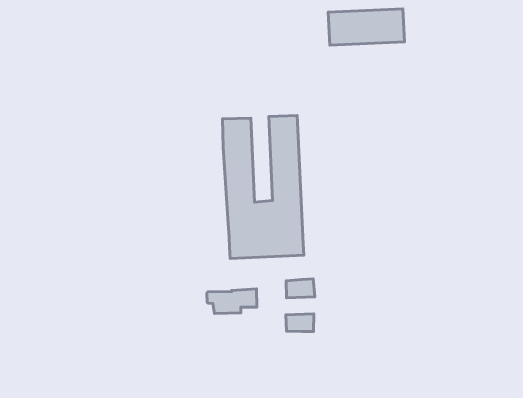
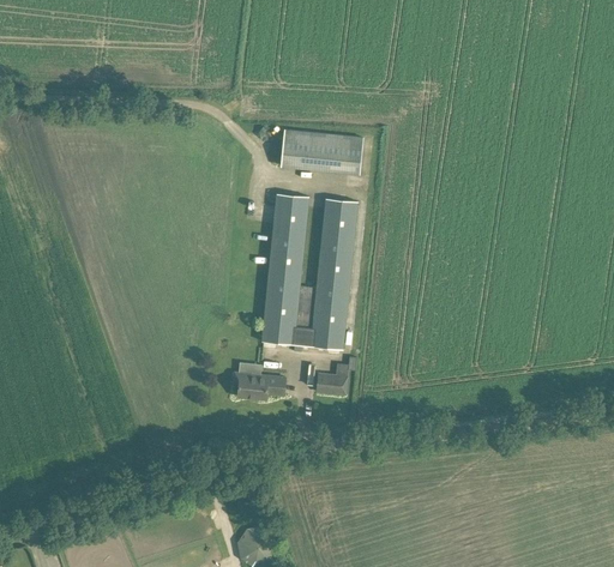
building: [328,9,405,45] -> [281,131,363,174]
building: [286,314,314,332] -> none

